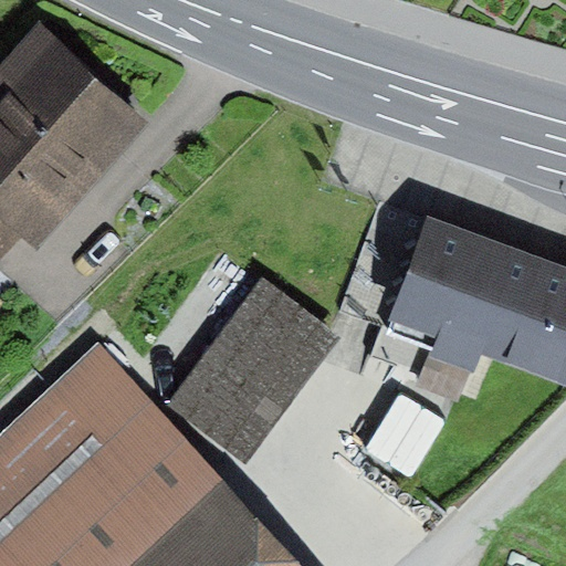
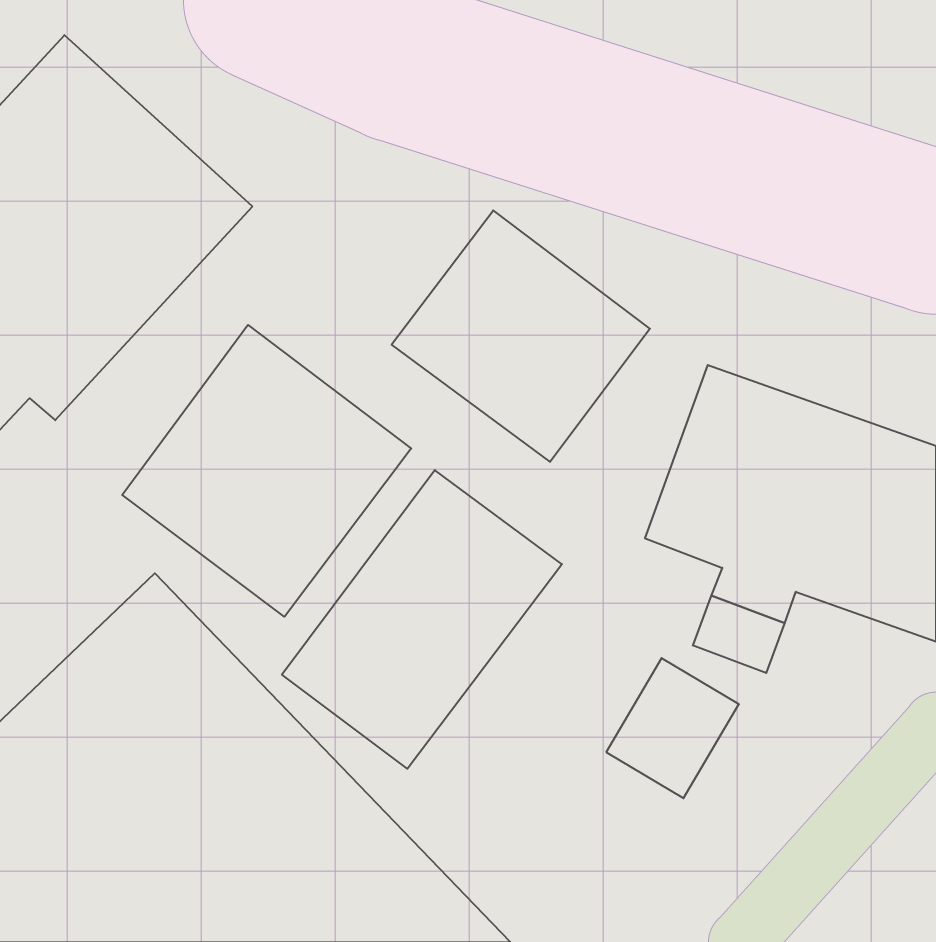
building: none -> [392,210,650,462]
building: none -> [122,325,411,617]

